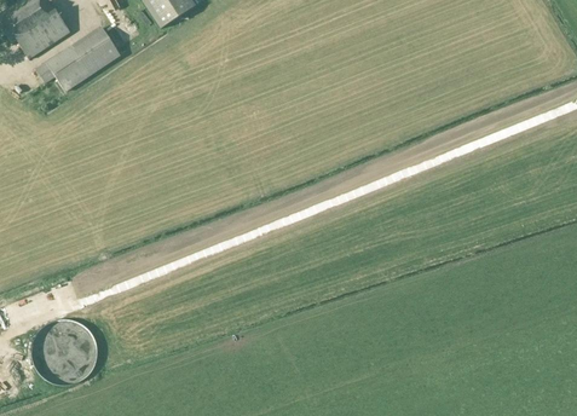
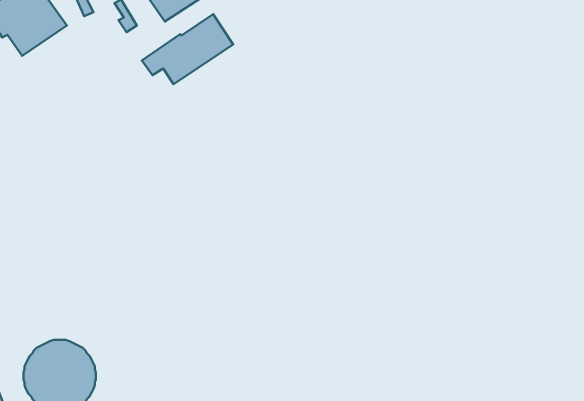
building: [36,27,120,91] -> [142,14,233,84]

